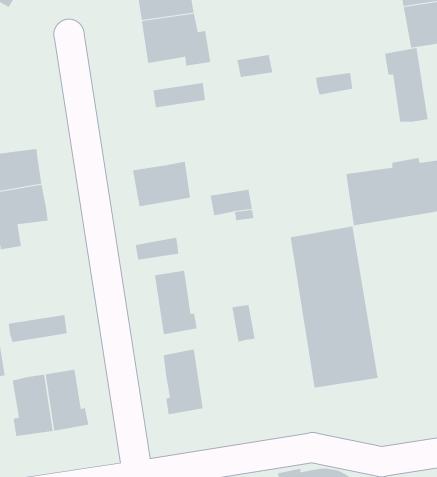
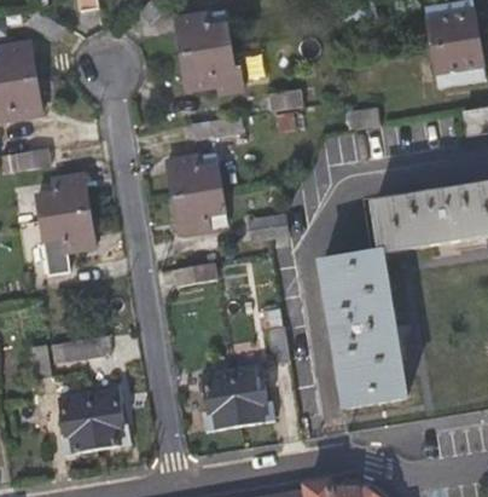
building: [385,47,428,122] -> none
building: none -> [168,156,205,198]
building: [154,270,197,335] -> [232,364,273,426]

